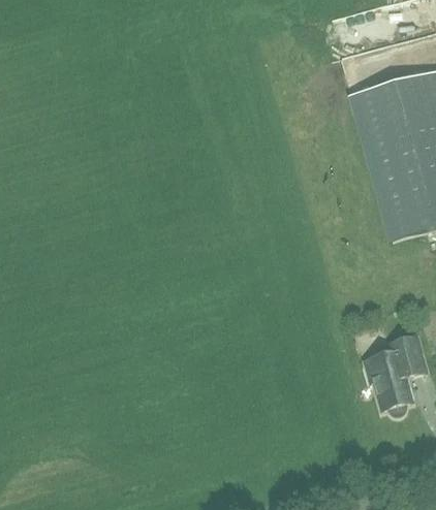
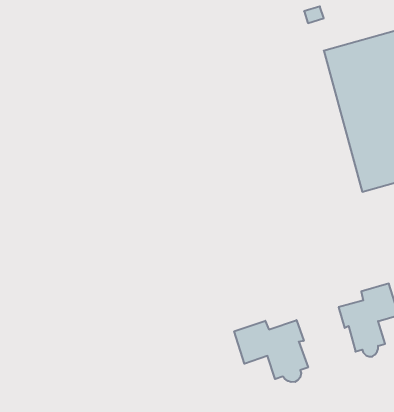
building: none -> [234,320,308,382]

